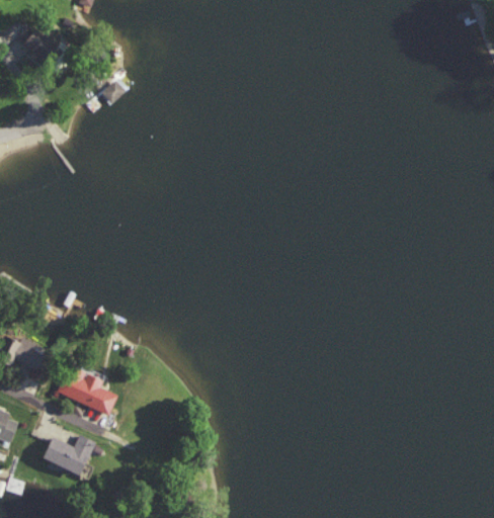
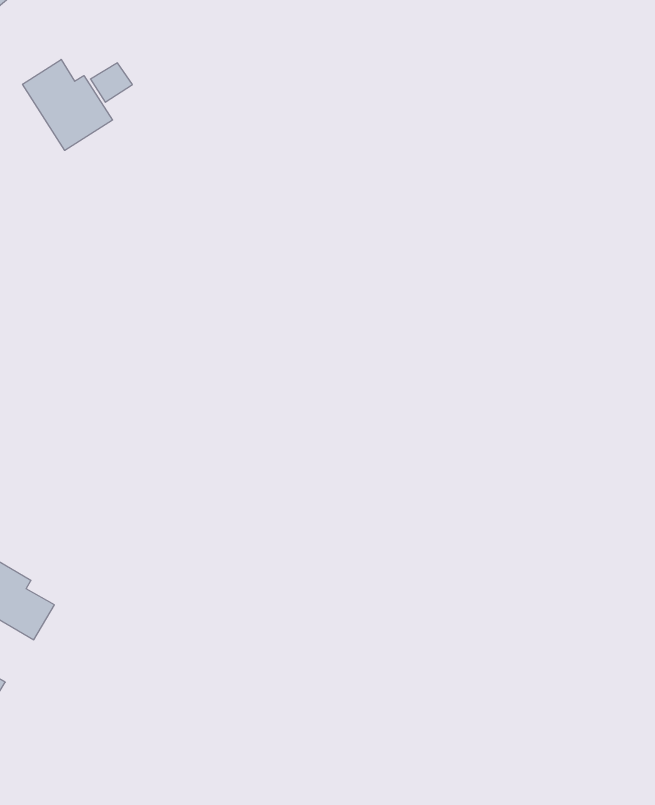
building: none -> [23,59,113,150]

